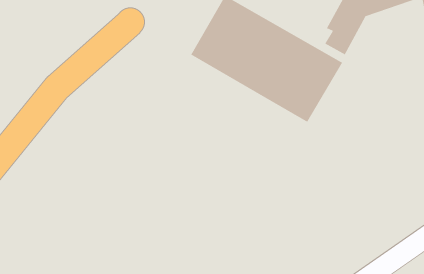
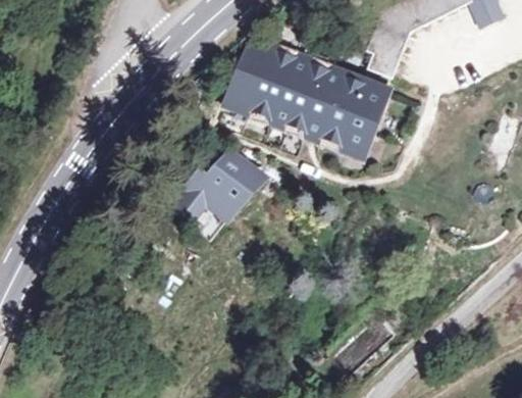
building: none -> [164,144,268,226]

